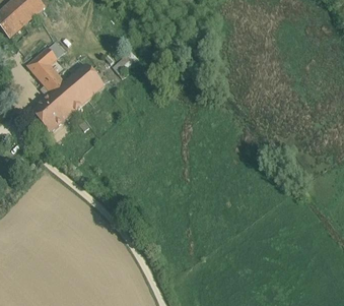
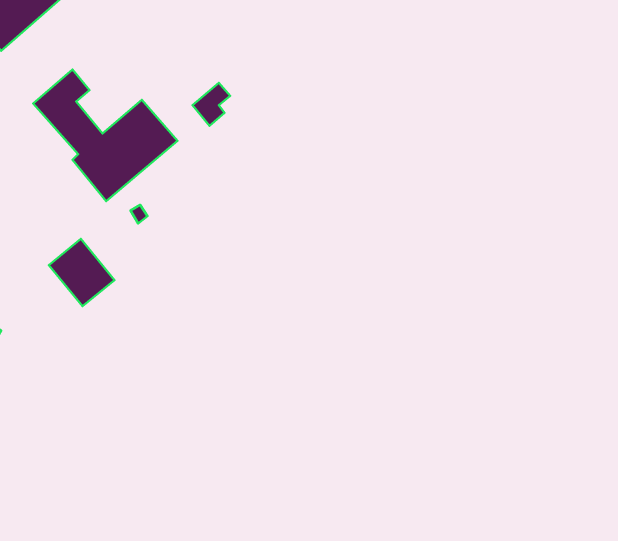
building: [30,95,66,131] -> [49,239,115,306]

